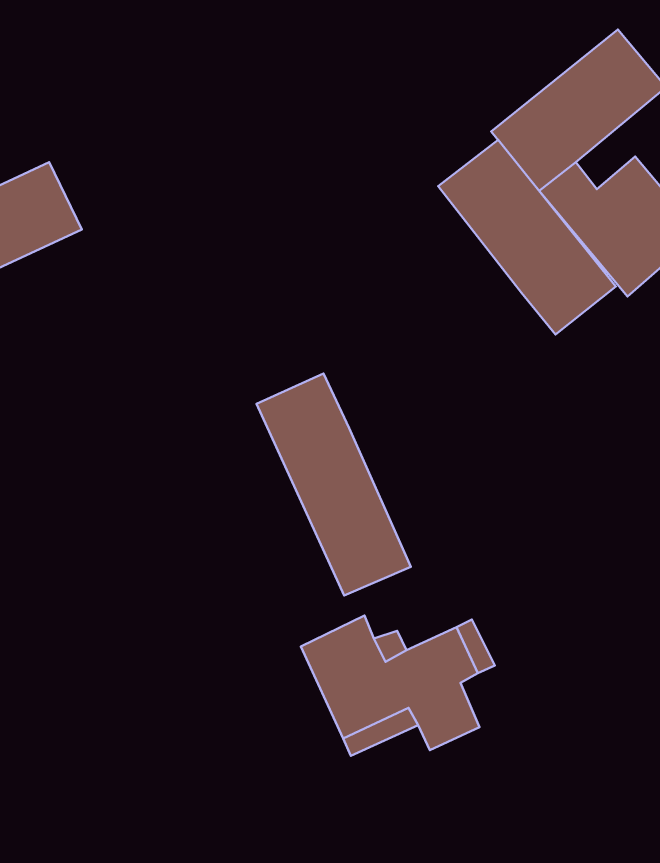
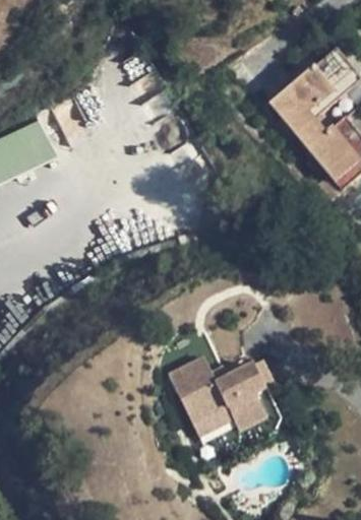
building: [438,140,616,335] -> none
building: [256,373,411,596] -> none

